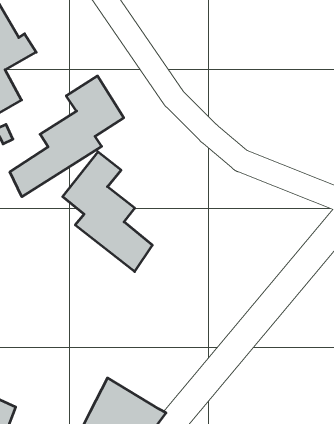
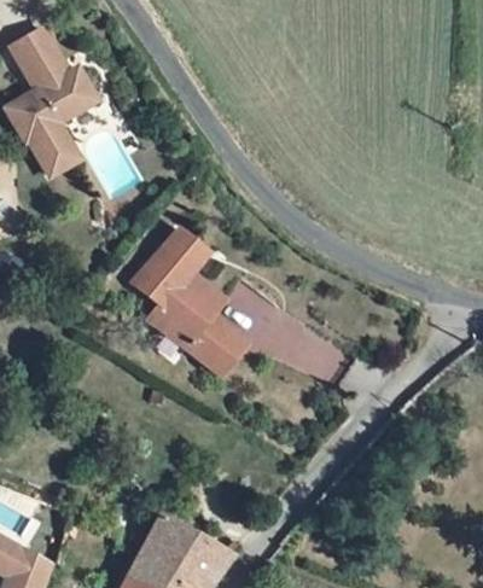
building: [10,76,124,197] -> none

